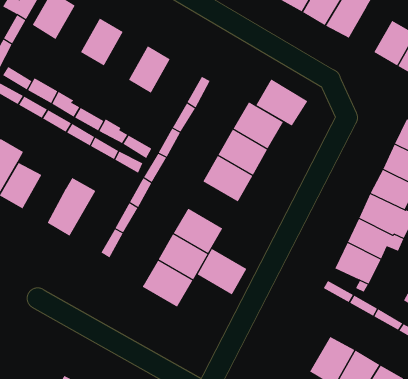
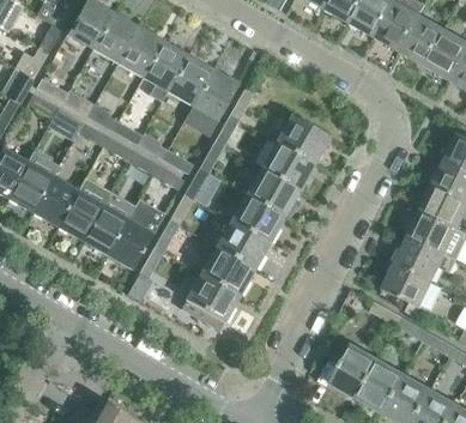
building: none -> [92,13,138,62]
building: none -> [399,14,443,62]
building: none -> [143,41,188,101]
building: none -> [192,70,238,120]
building: [255,79,308,127] -> none
building: none -> [58,179,109,241]
building: none -> [107,199,165,270]
building: [197,248,247,295] -> [230,198,283,247]
building: none -> [329,344,379,397]

